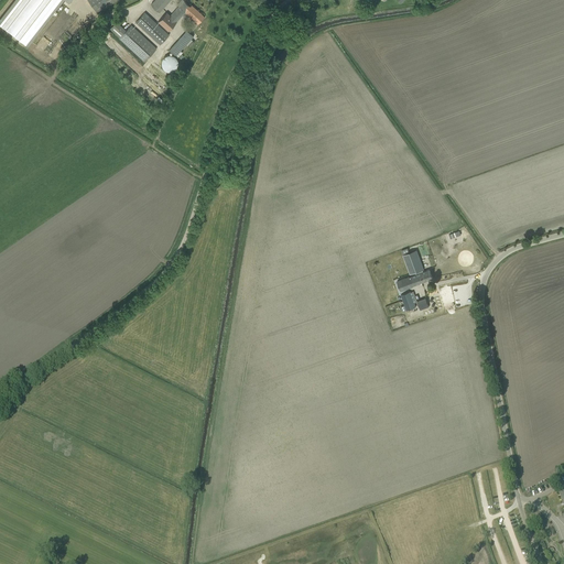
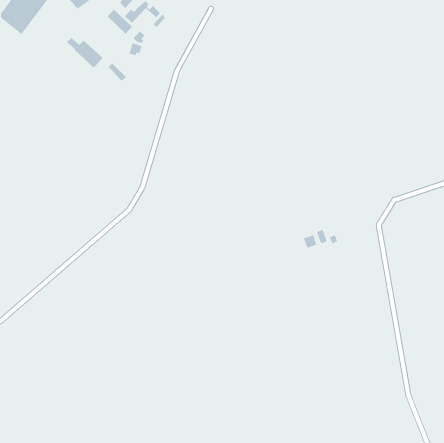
building: [109,21,156,61] -> [66,37,104,68]
building: [401,249,433,289] -> none

